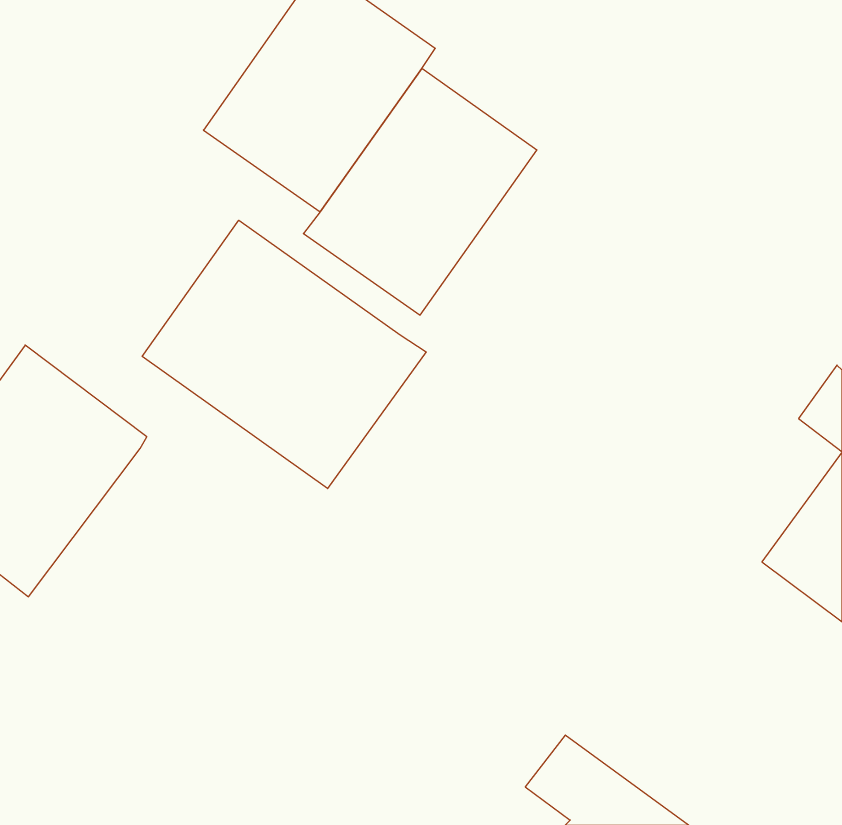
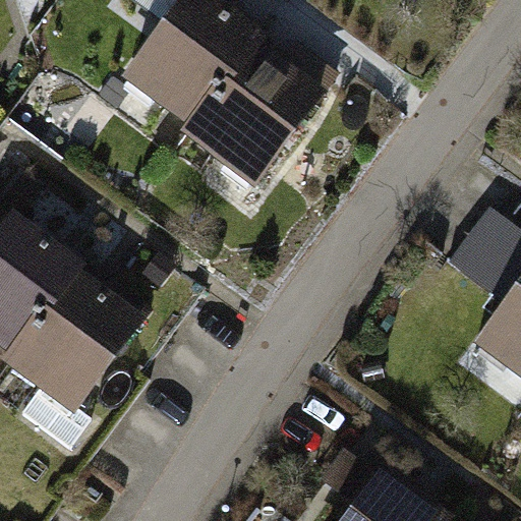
building: [142,220,426,489] -> none
building: none -> [10,274,147,419]

